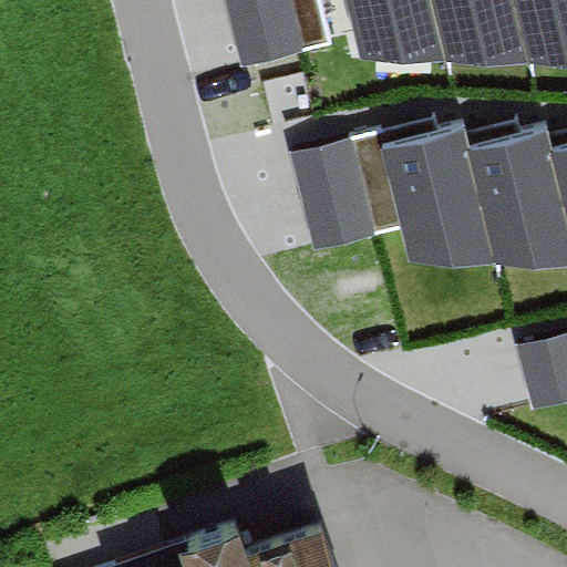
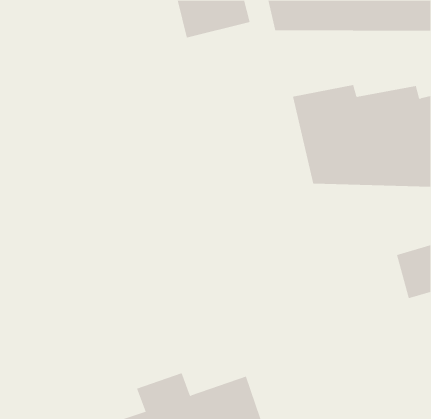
building: [293,137,394,246] -> none

